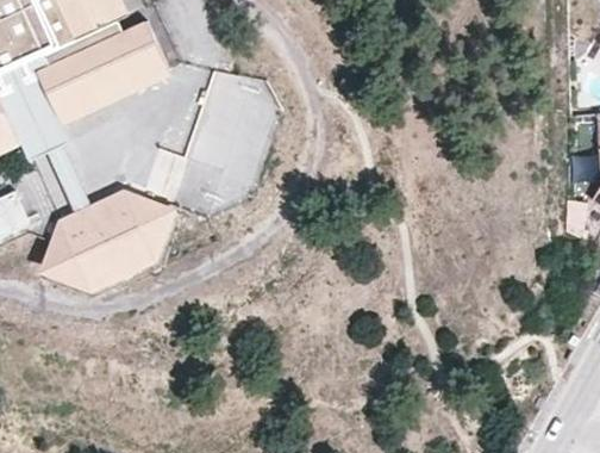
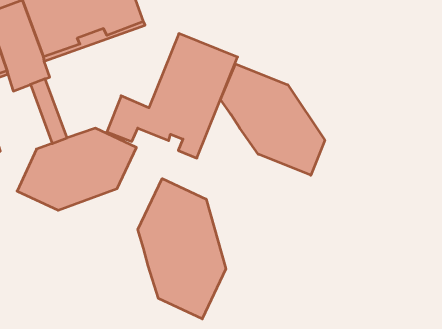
building: none -> [221,64,325,175]
building: none -> [138,179,226,319]

